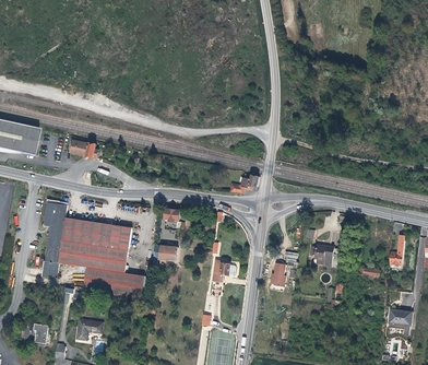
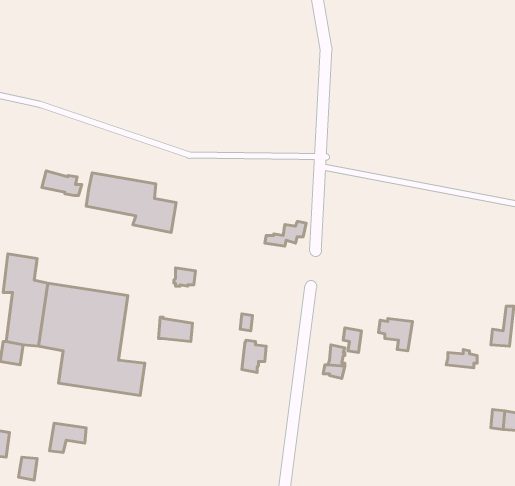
building: none -> [86,173,176,233]

